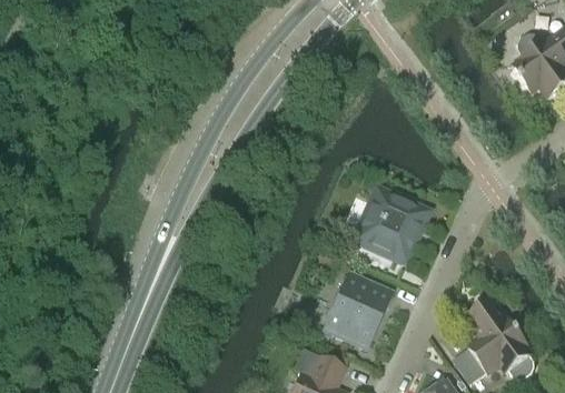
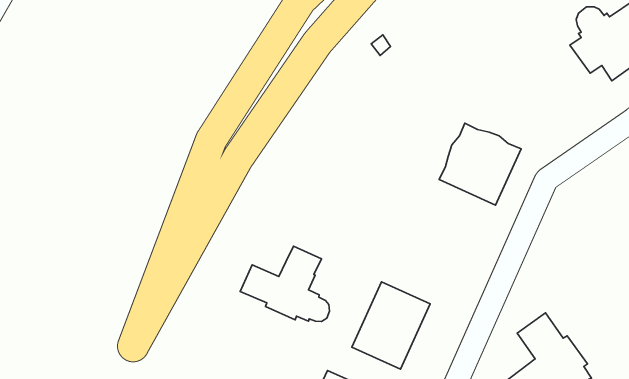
building: [355,189,426,260] -> [439,123,521,205]
building: none -> [240,246,330,321]

